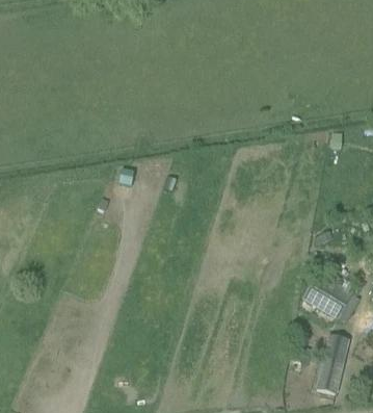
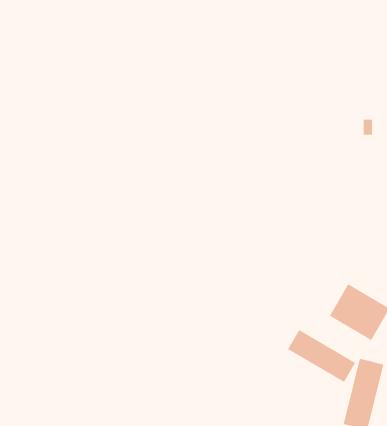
building: none -> [287,329,356,383]

